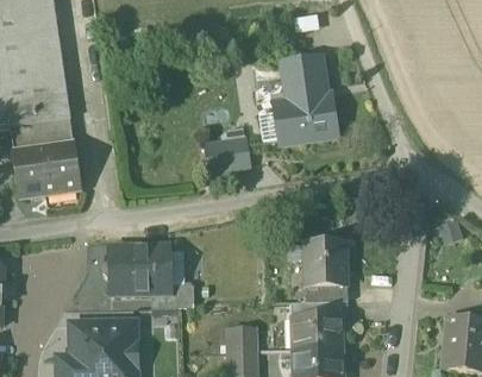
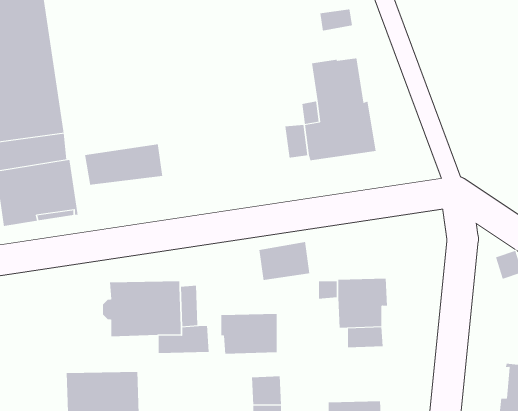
building: none -> [84,144,163,185]
building: [205,138,249,171] -> [259,241,310,281]
building: [292,315,340,350] -> [220,314,278,354]

